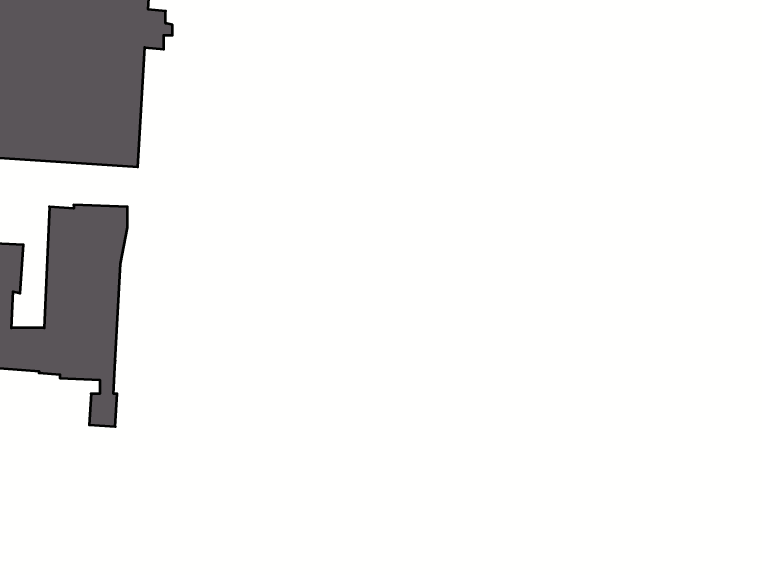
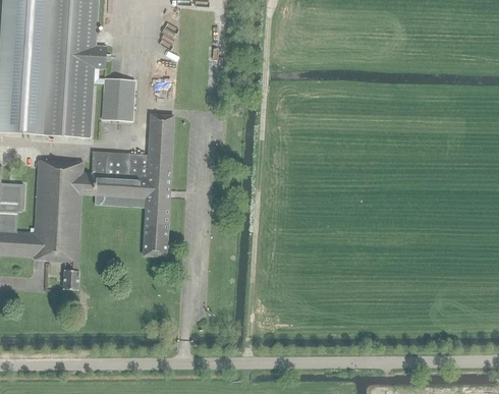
building: none -> [101,77,133,119]
building: none -> [78,115,171,257]

